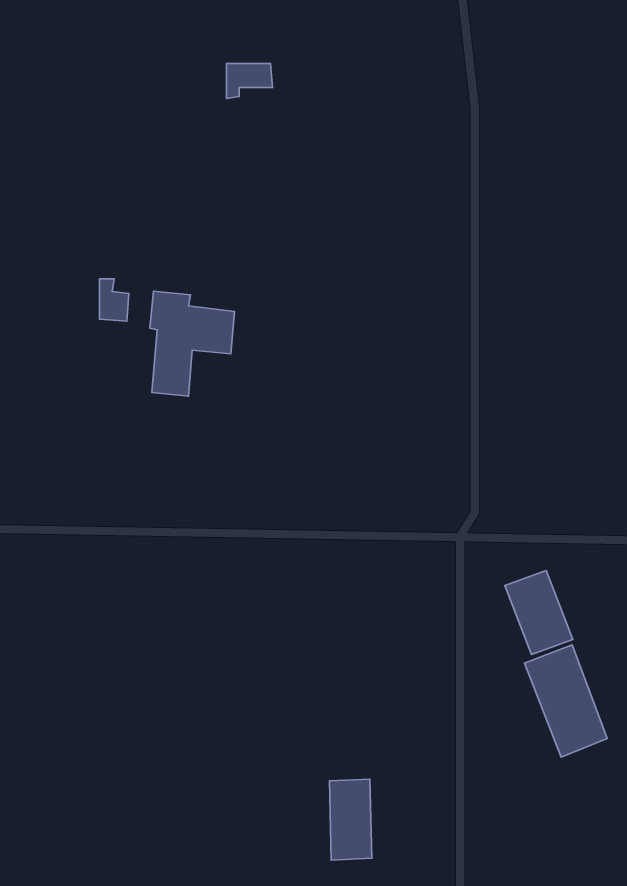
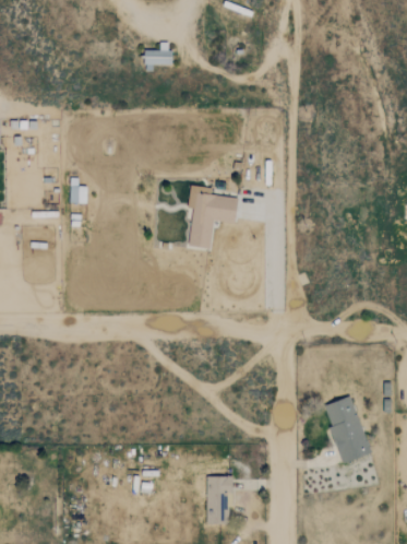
building: [150,291,235,396] -> [188,186,238,248]
building: [505,570,573,654] -> none

